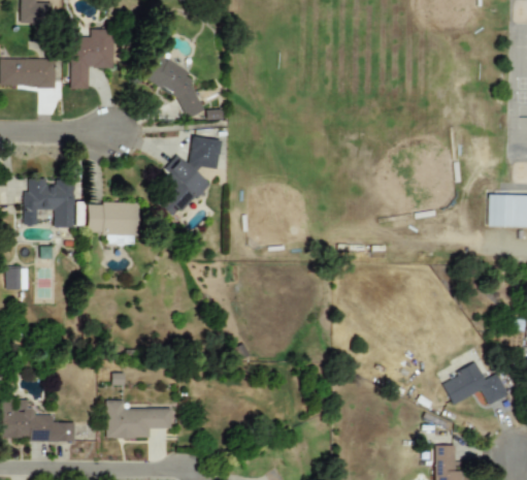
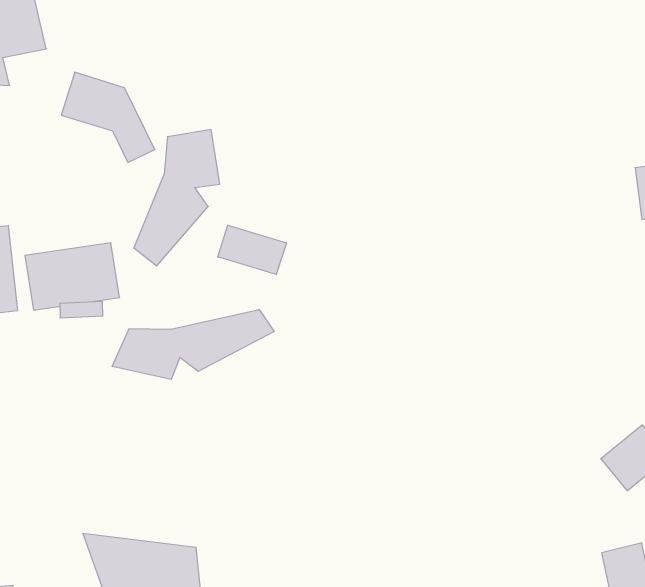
building: [146,56,204,119] -> [61,72,155,162]
building: none -> [218,225,286,275]
building: none -> [112,309,274,380]

